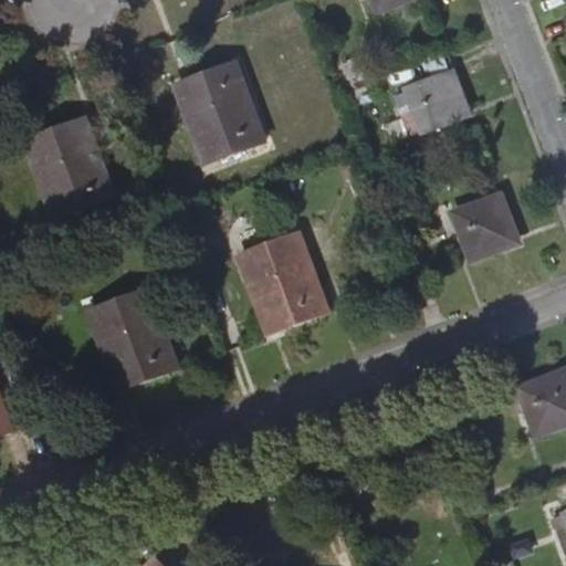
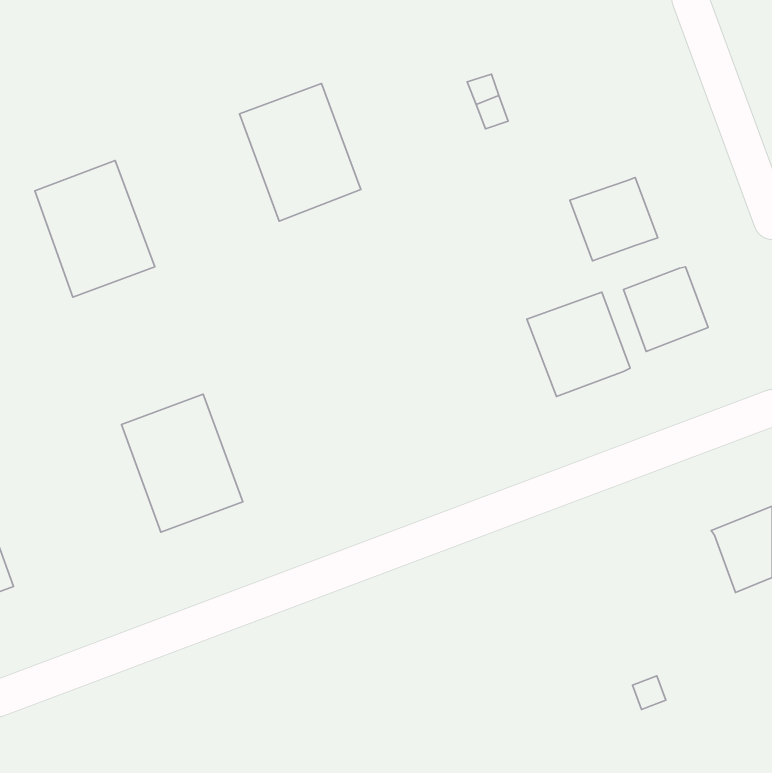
building: [406,69,470,129] -> [570,177,658,261]
building: none -> [527,292,630,396]
building: [238,231,327,333] -> none

